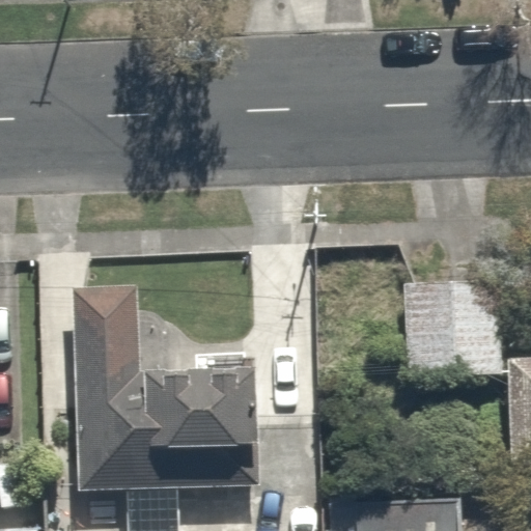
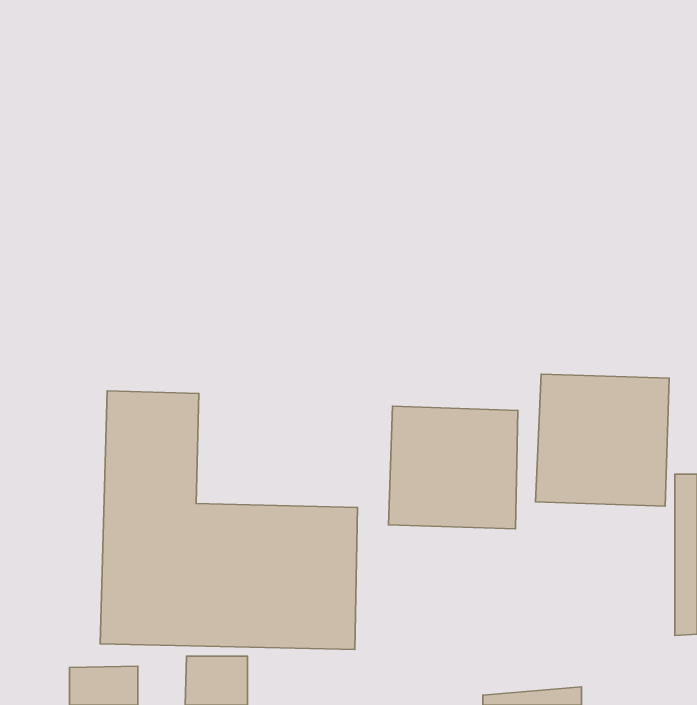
building: none -> [389,406,518,529]

